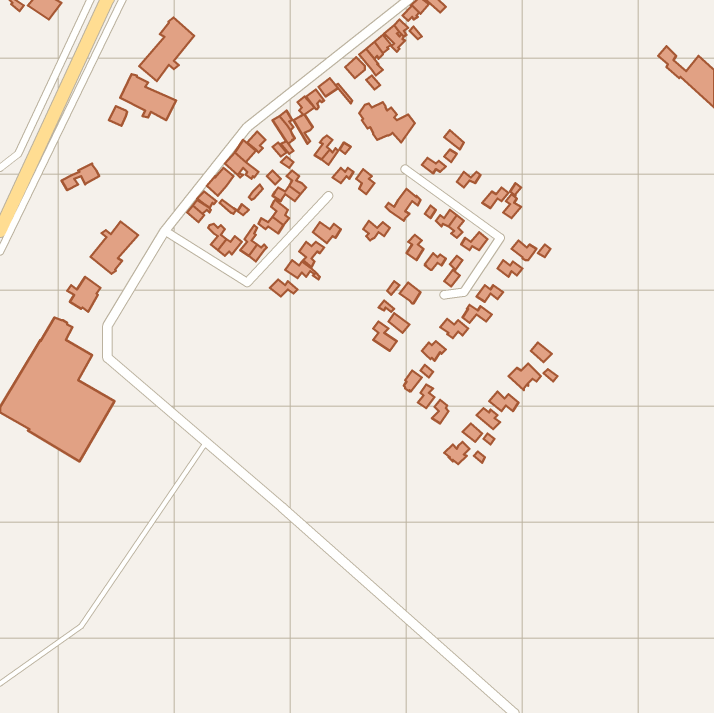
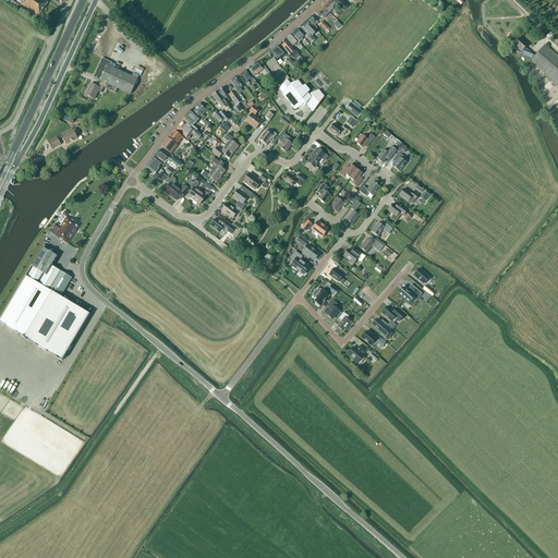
building: [139,17,194,81] -> none
building: [90,221,138,274] -> none

